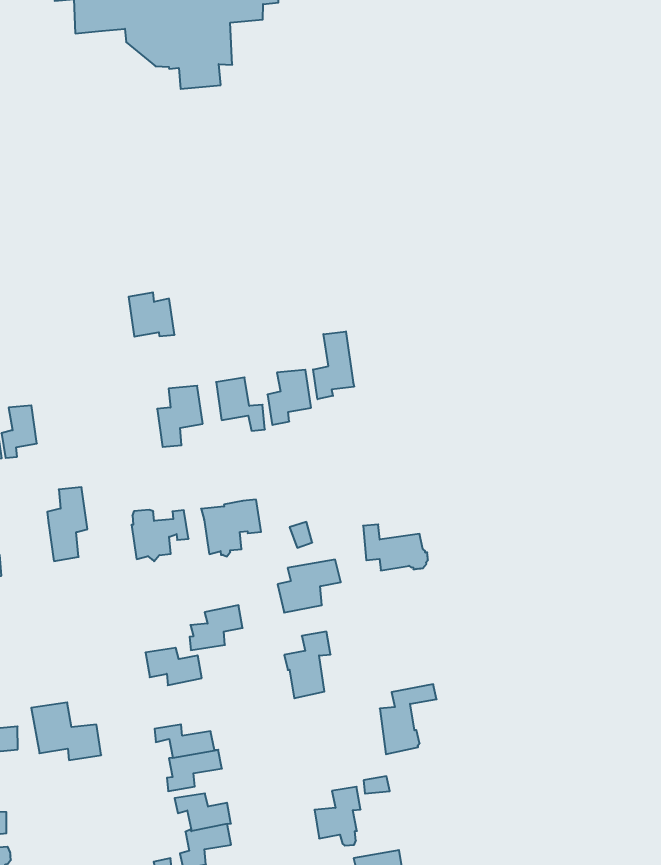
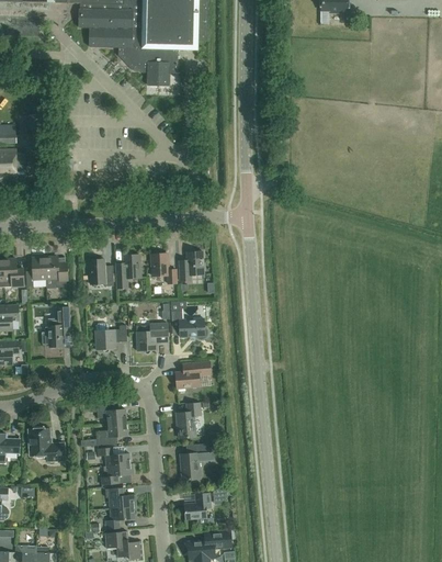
building: [129,292,175,337] -> [89,260,113,285]
building: [313,331,354,399] -> none
building: none -> [44,256,66,286]
building: [363,524,428,570] -> [171,311,206,338]
building: [190,605,243,650] -> [97,422,127,445]
building: [380,684,437,754] -> [180,442,213,480]

